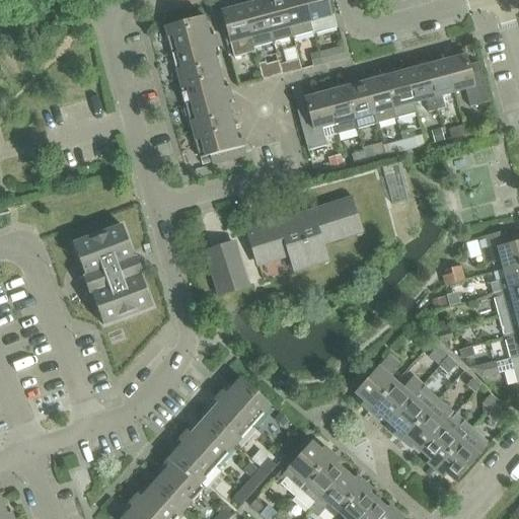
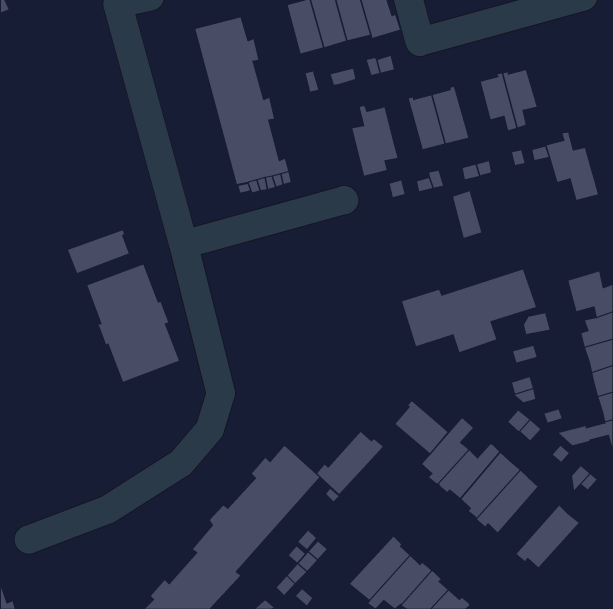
building: [221,4,255,56] -> none
building: [445,48,490,105] -> [546,132,599,200]
building: [384,69,417,117] -> none
building: [325,83,357,133] -> none
building: none -> [67,229,130,274]
building: [246,197,361,268] -> [401,269,537,353]
building: [206,241,248,293] -> none
building: none -> [395,400,448,454]
building: [421,412,472,468] -> none
building: [276,440,332,494] -> [316,431,383,495]

